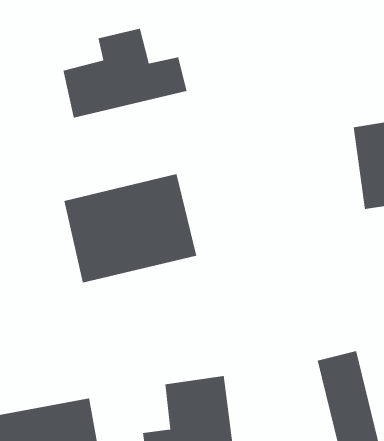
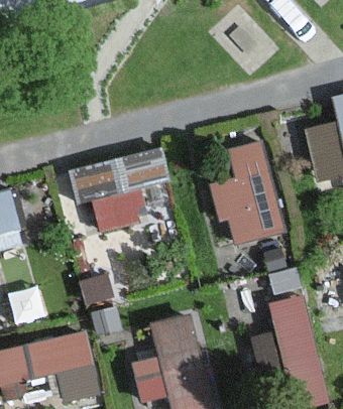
building: [63,28,187,119] -> none
building: none -> [212,140,289,250]

